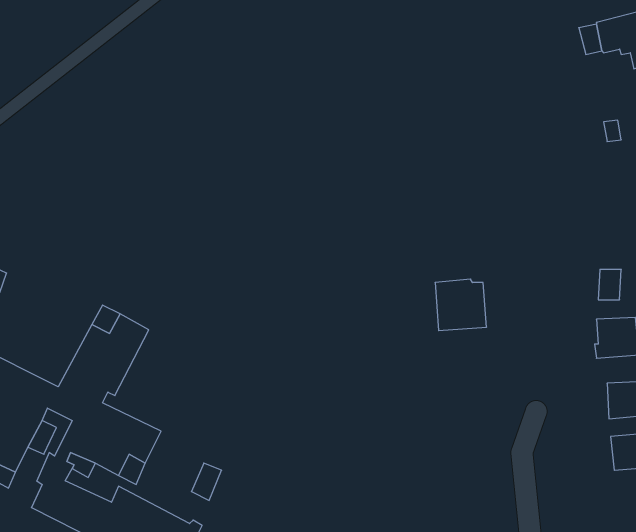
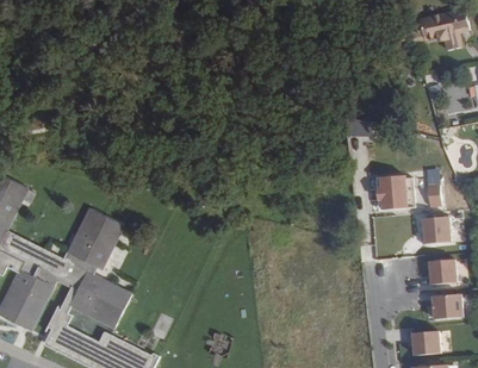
building: [435,279,487,331] -> [380,174,415,208]
building: none -> [409,330,440,354]

